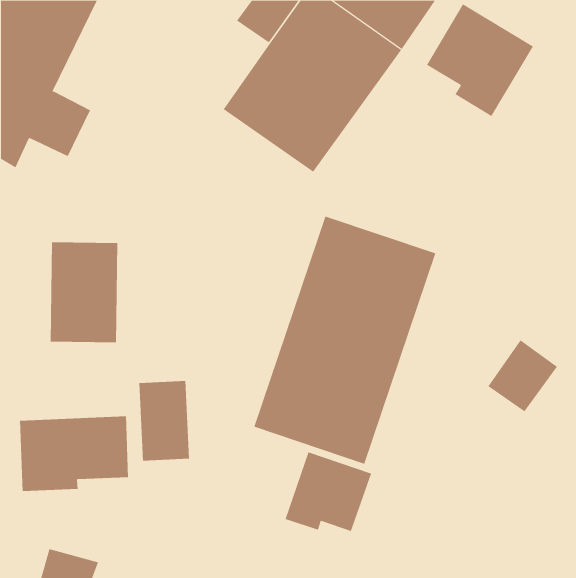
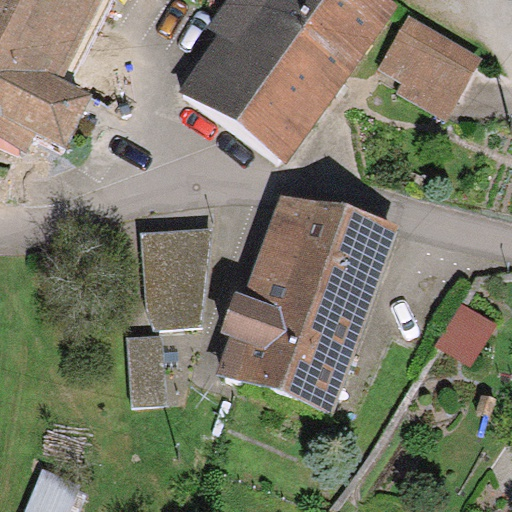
building: [50,242,118,343] -> [146,236,206,325]
building: [19,416,129,492] -> none
building: [285,452,372,532] -> none

